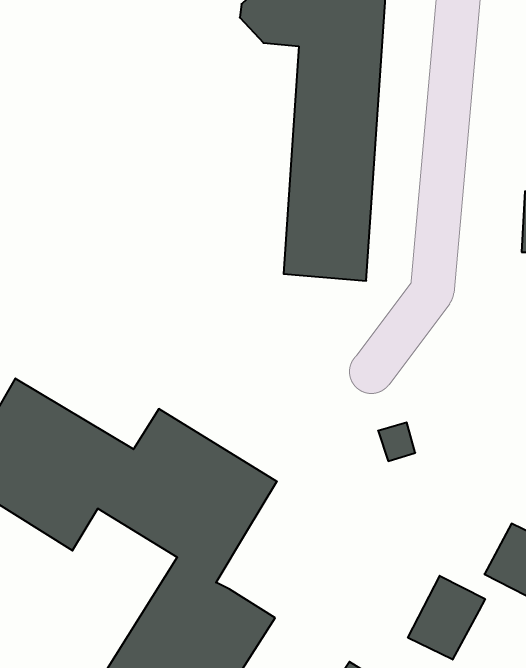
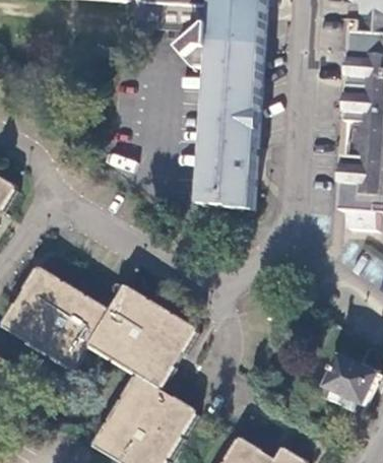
building: [408,576,485,660] -> none

